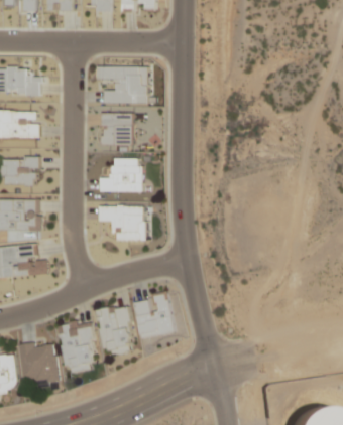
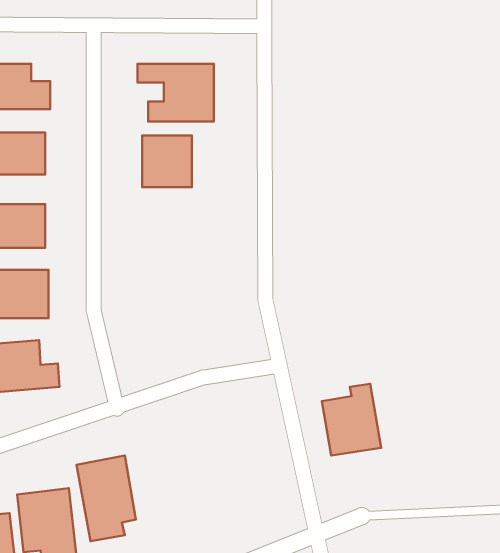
building: [100,158,142,193] -> none
building: [99,205,144,242] -> none
building: [135,292,174,338] -> [322,384,381,456]
building: [98,305,135,357] -> none

